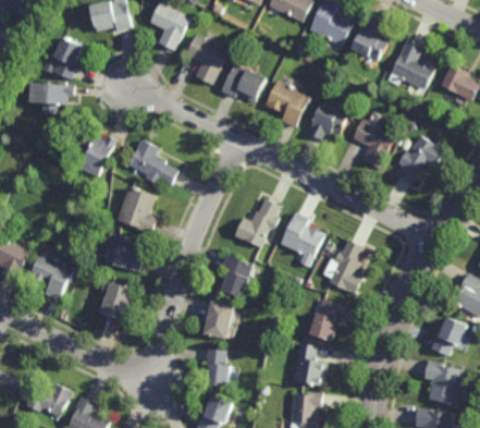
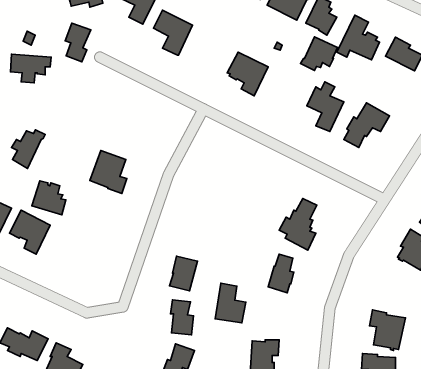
building: [53,36,82,78] -> [65,23,91,62]
building: [222,63,267,99] -> none
building: [308,102,348,139] -> [301,37,337,71]
building: [79,135,116,178] -> [11,130,45,168]
building: [128,139,177,186] -> none
building: [235,198,281,248] -> none
building: [281,212,327,268] -> none
building: [106,235,143,272] -> [32,181,66,215]
building: [218,256,256,303] -> none
building: [99,283,132,321] -> none
building: [429,318,465,356] -> none
building: [294,344,328,388] -> [215,283,246,323]

